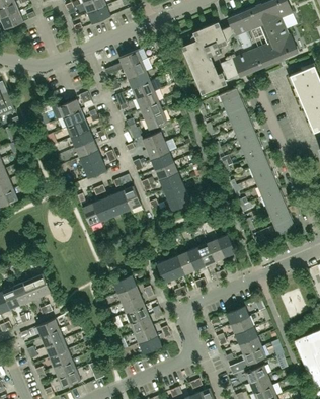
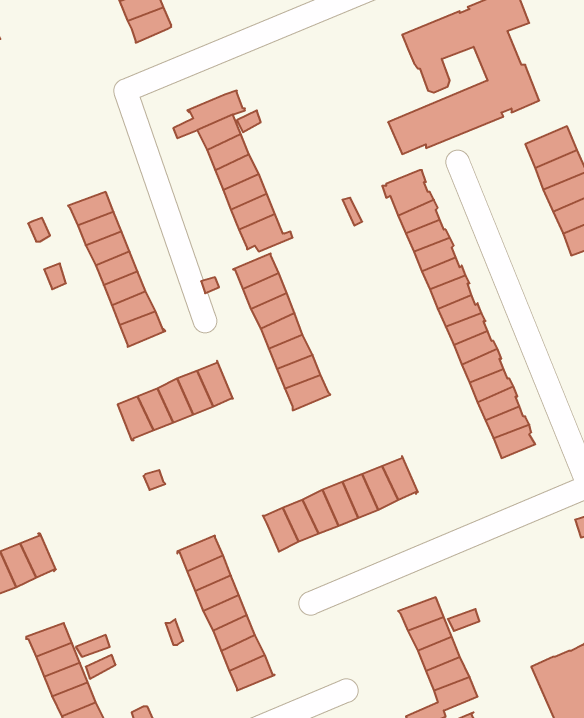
building: [181,22,233,94] -> none

